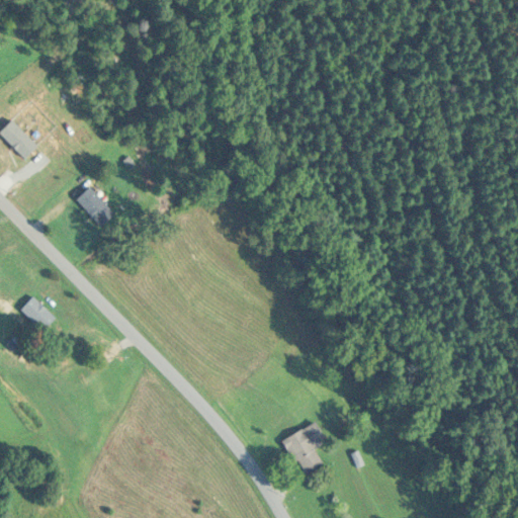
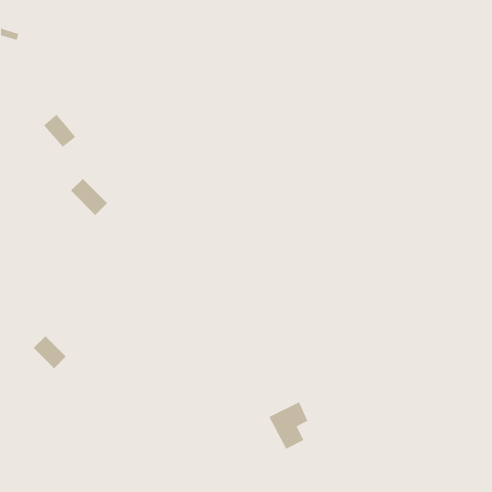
building: [4,120,38,156] -> [43,114,76,148]
building: [19,296,55,332] -> [33,335,67,369]

